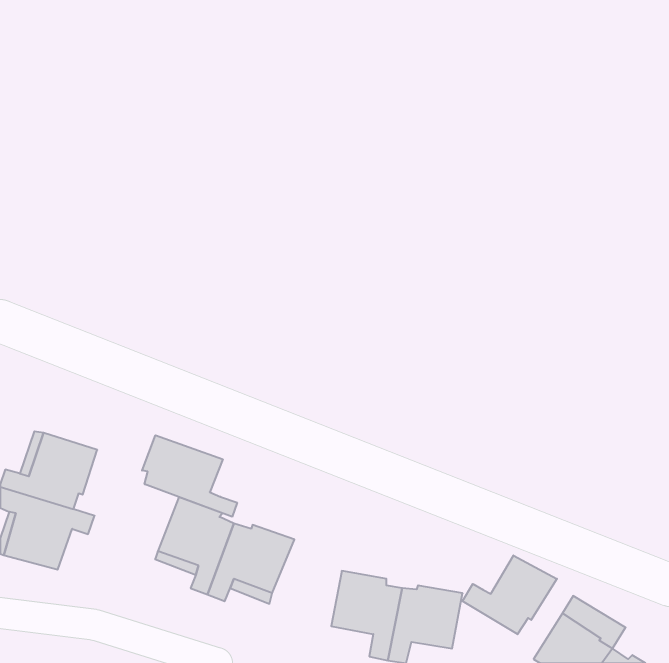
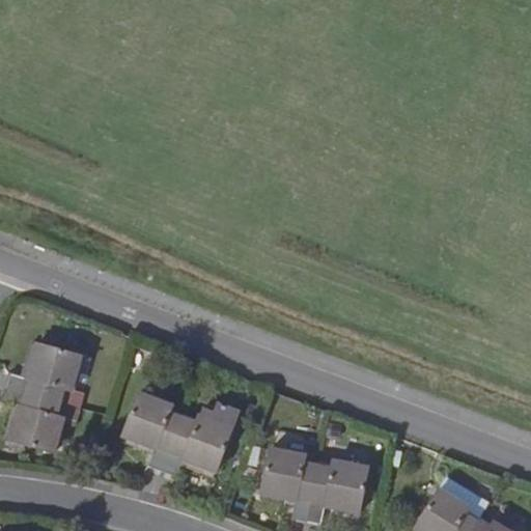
building: [142,435,237,517] -> none
building: [463,555,557,634] -> none

